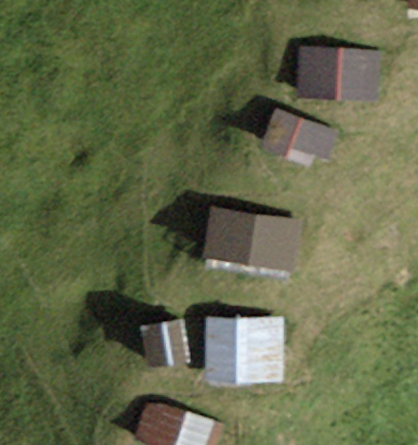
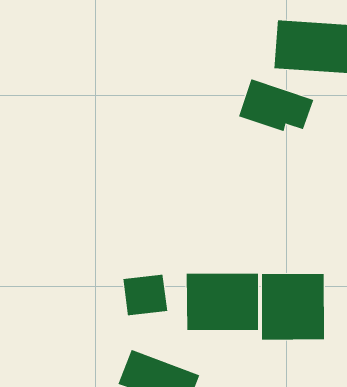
building: [203,206,299,268] -> none
building: none -> [261,273,324,340]

